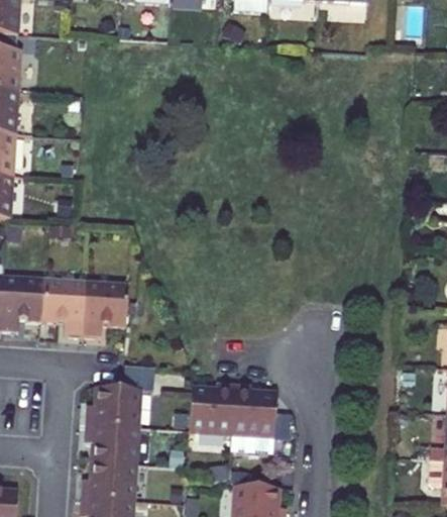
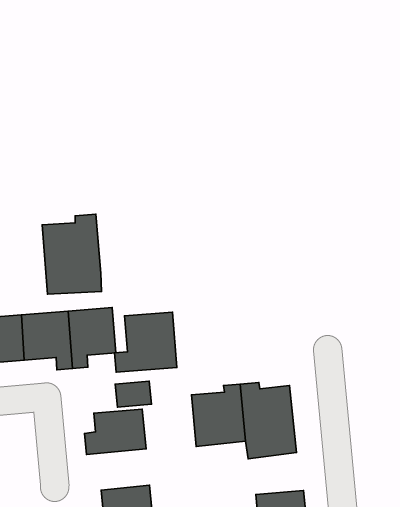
building: none -> [42,214,101,294]
building: none -> [115,312,177,372]
building: [87,423,141,459] -> none

